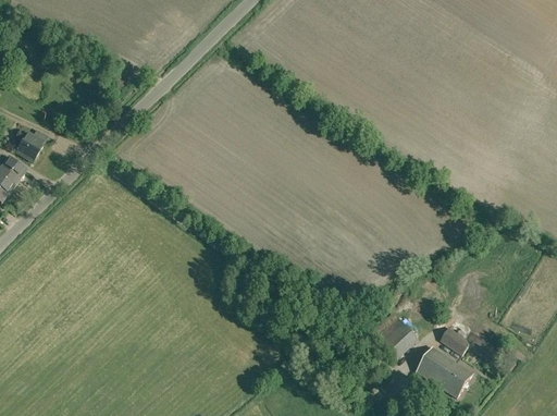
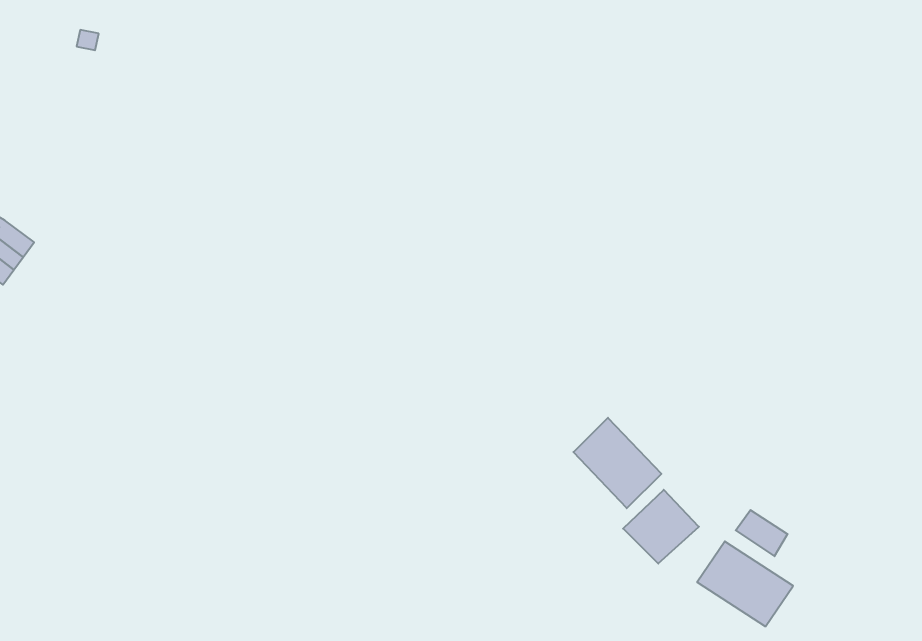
building: [13,129,42,161] -> none
building: none -> [573,418,661,508]

